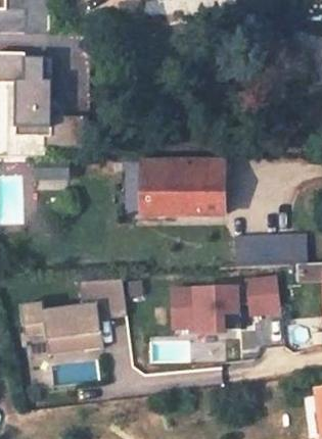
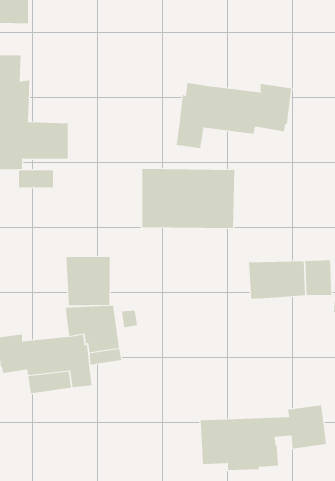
building: none -> [176,82,292,149]
building: none -> [66,256,110,306]
building: [172,277,280,333] -> [200,405,327,471]

